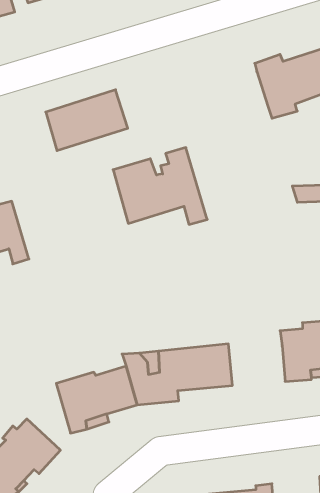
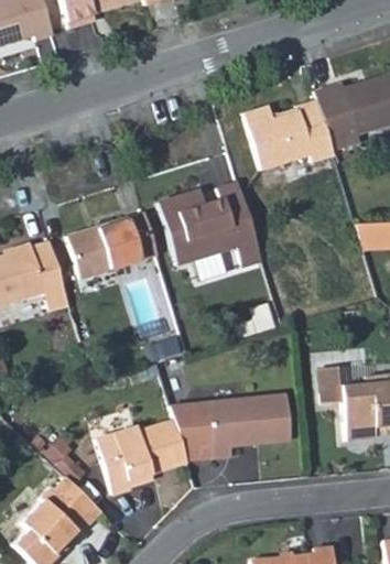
building: none -> [243,99,335,170]
building: [46,90,128,151] -> [71,213,160,279]
building: none -> [322,360,367,400]

